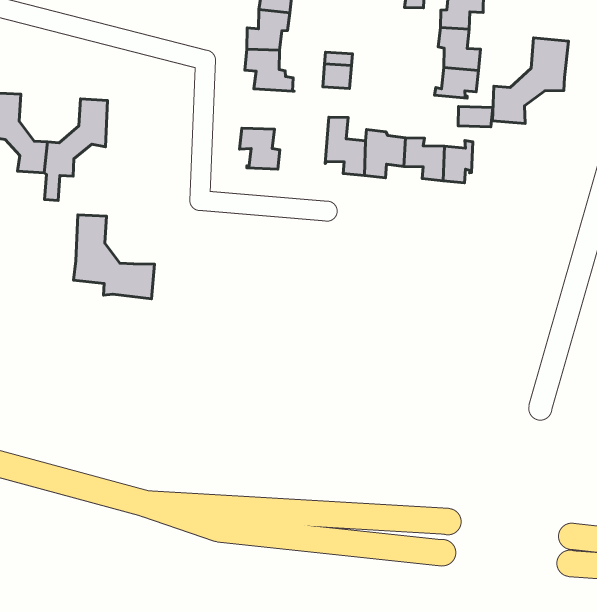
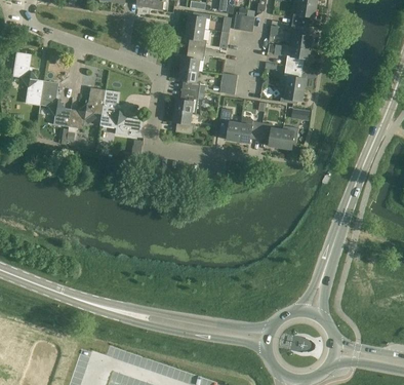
building: [493,38,568,124] -> none
building: none -> [175,89,205,112]
building: [73,215,154,299] -> [99,89,144,138]

